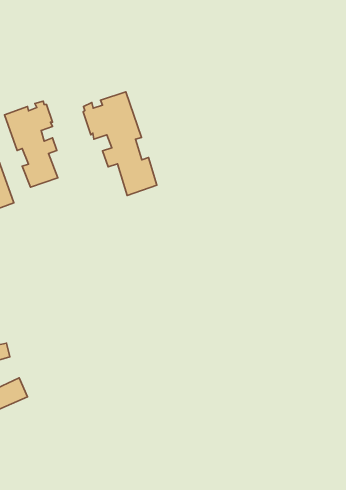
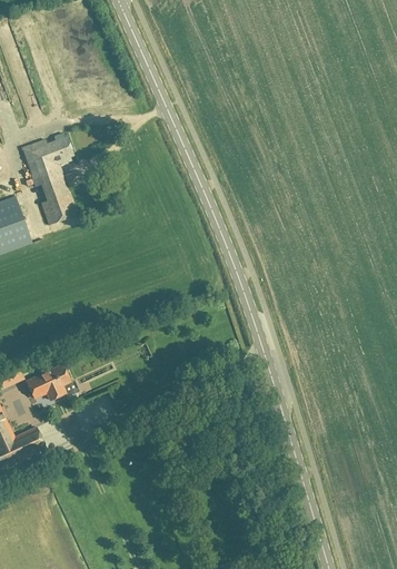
building: [83,92,157,195] -> none
building: none -> [24,363,69,399]

